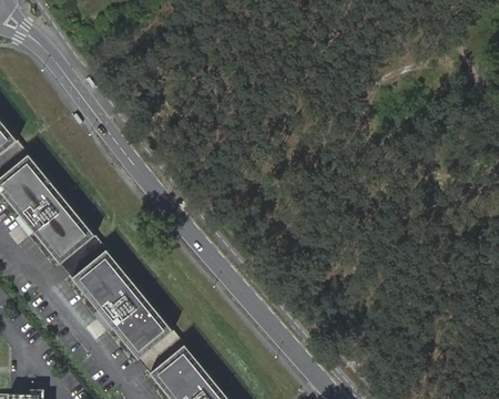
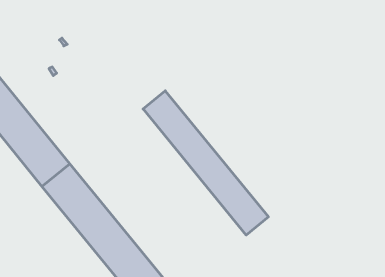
building: none -> [143,91,268,235]

